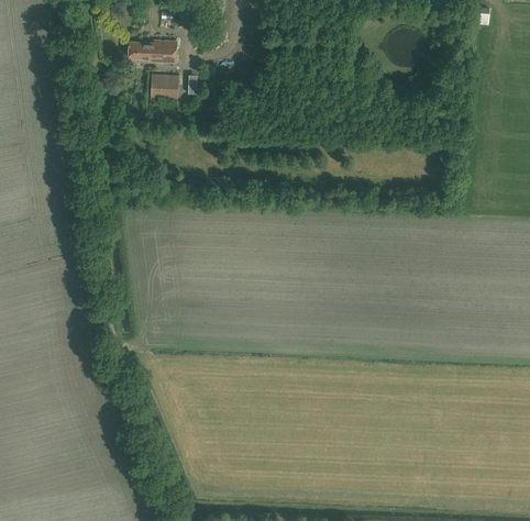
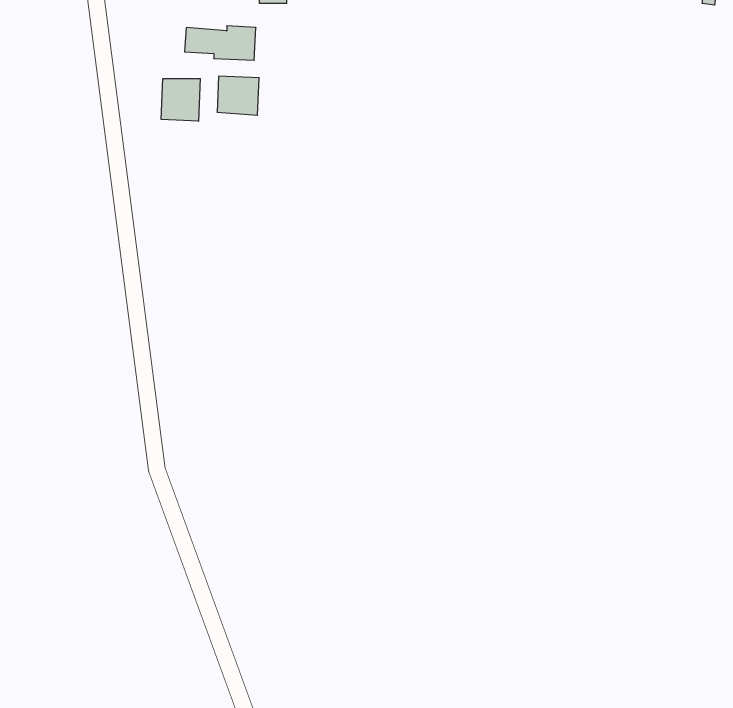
building: none -> [161,79,200,121]

